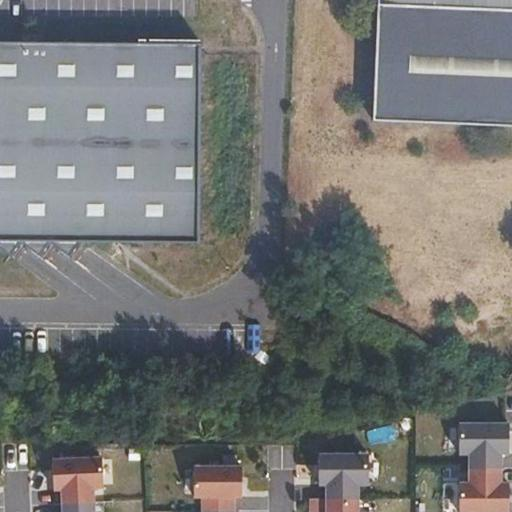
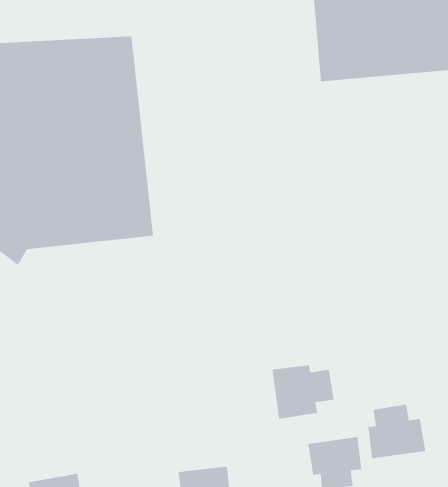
building: none -> [272,364,334,419]
building: none -> [368,404,426,459]

